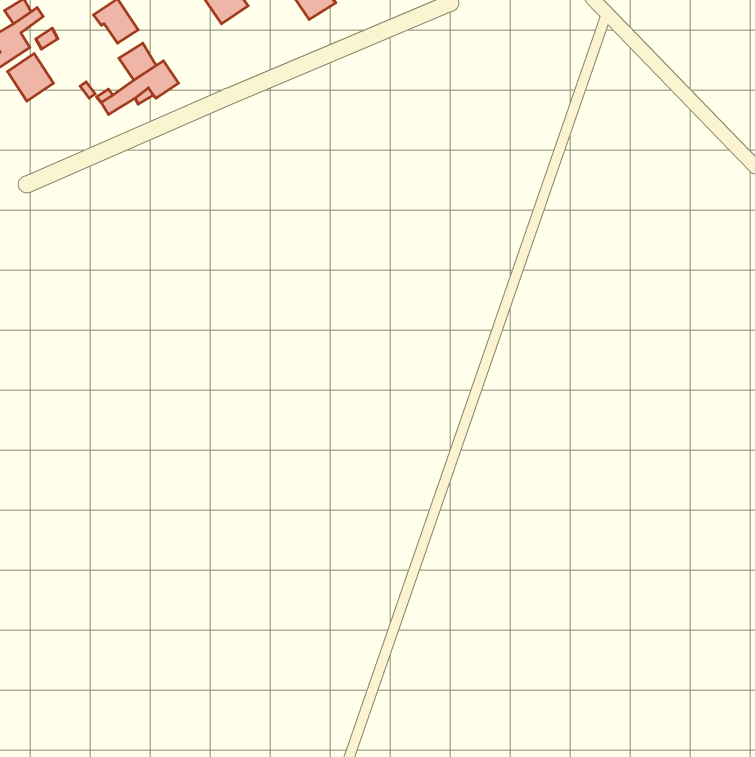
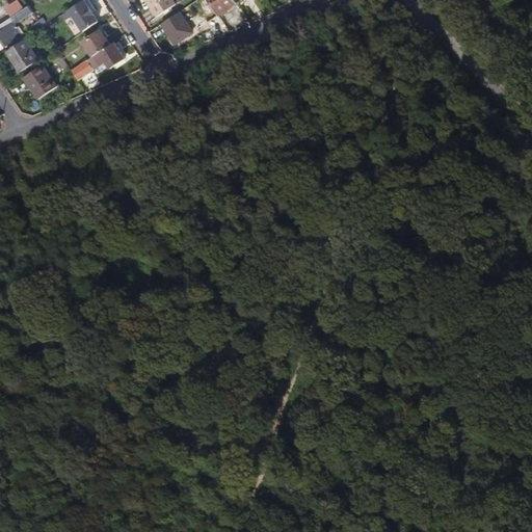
building: none -> [161,10,191,43]
building: none -> [22,64,57,100]

